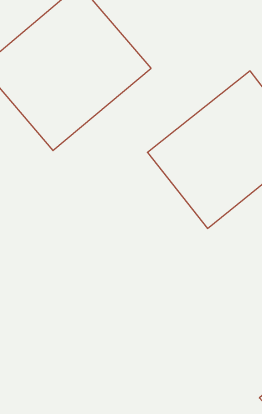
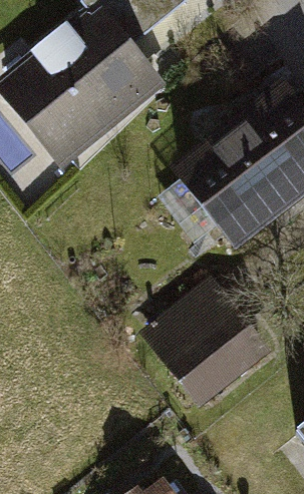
building: none -> [140,272,275,405]

